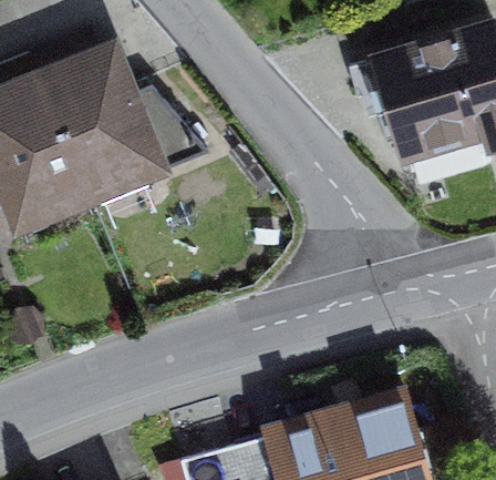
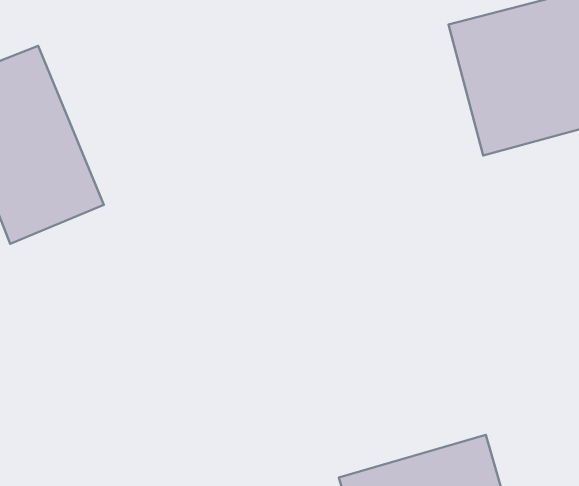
building: [33,39,168,204] -> none

